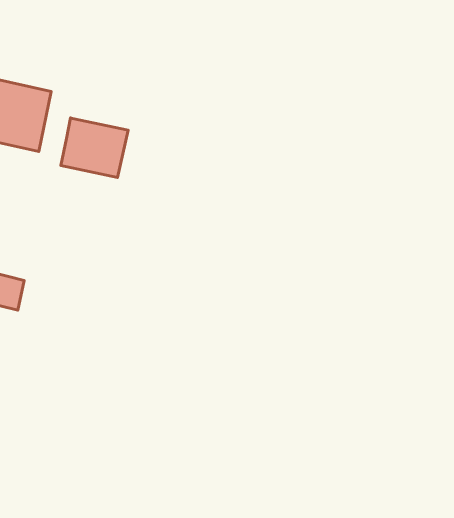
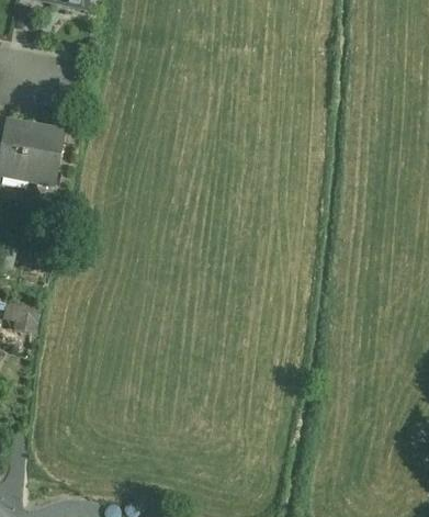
building: [61,118,128,178] -> none

